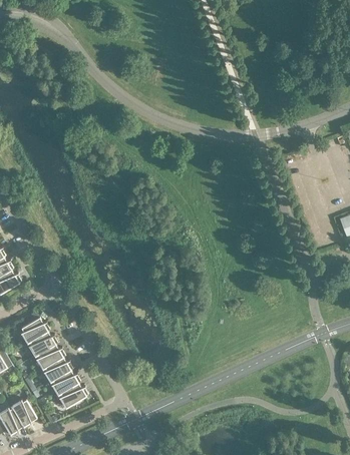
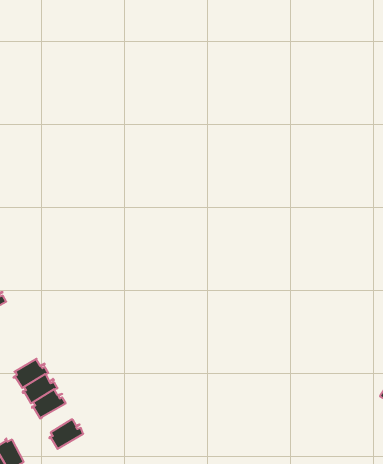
building: [19,317,48,342] -> none
building: [49,369,79,394] -> none

